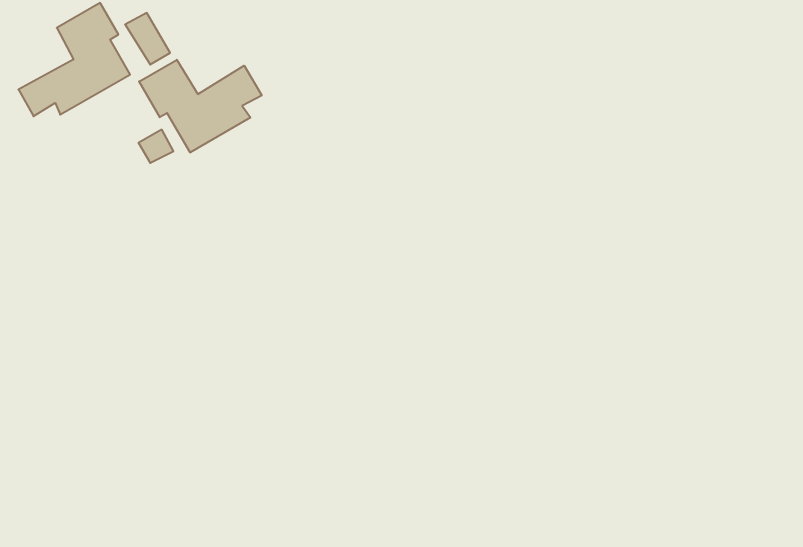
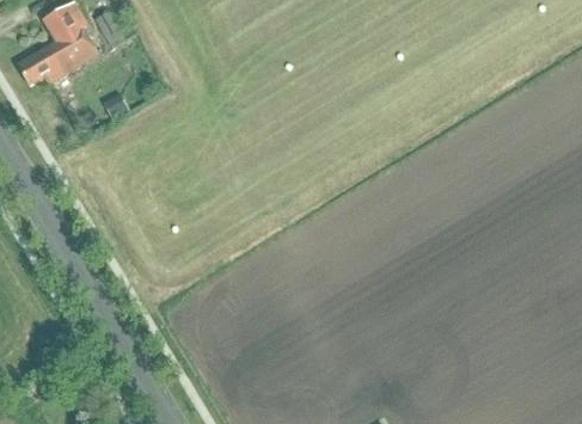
building: [139,60,262,153] -> none

